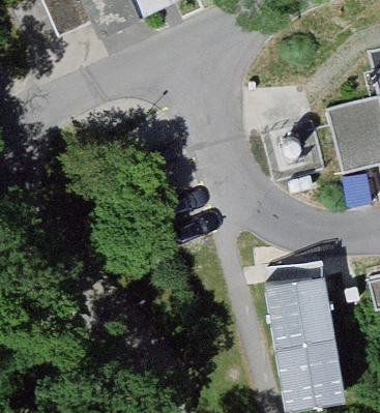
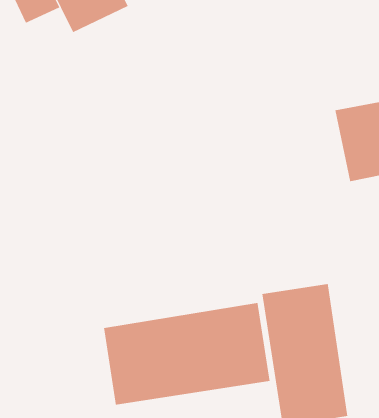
building: none -> [103,302,270,405]

